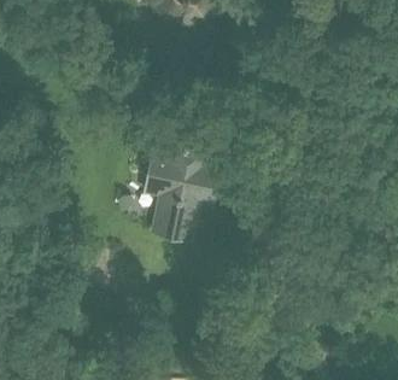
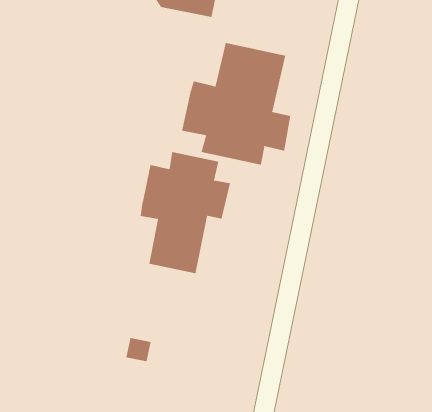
building: none -> [182,42,291,165]

